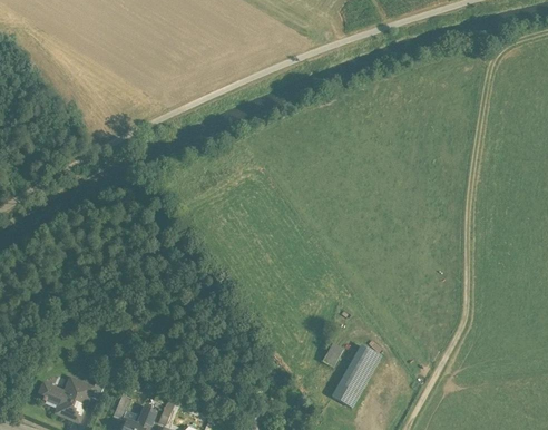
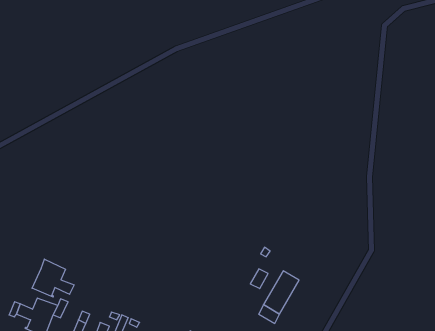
building: none -> [32,259,74,297]

